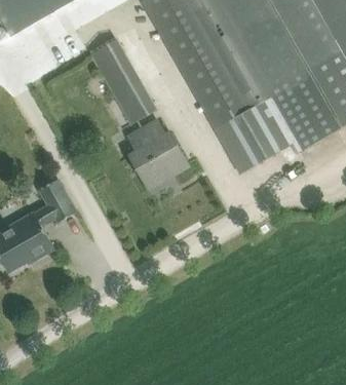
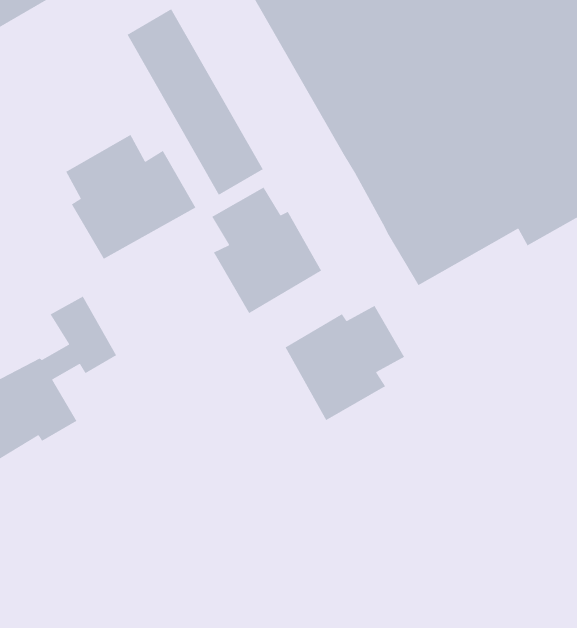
building: none -> [65,134,196,260]
building: none -> [284,305,405,421]

